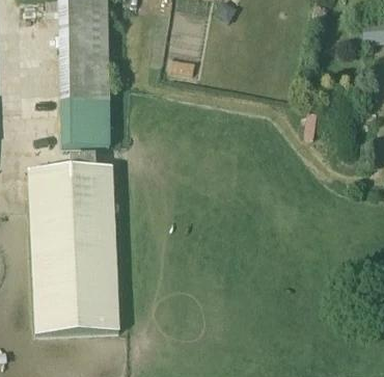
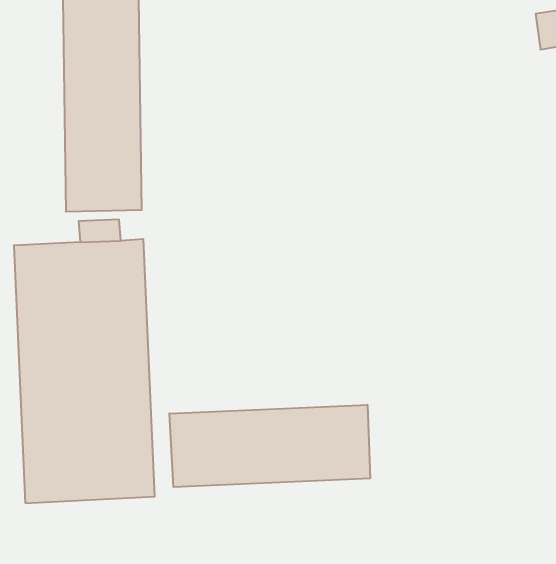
building: none -> [169,405,370,487]

